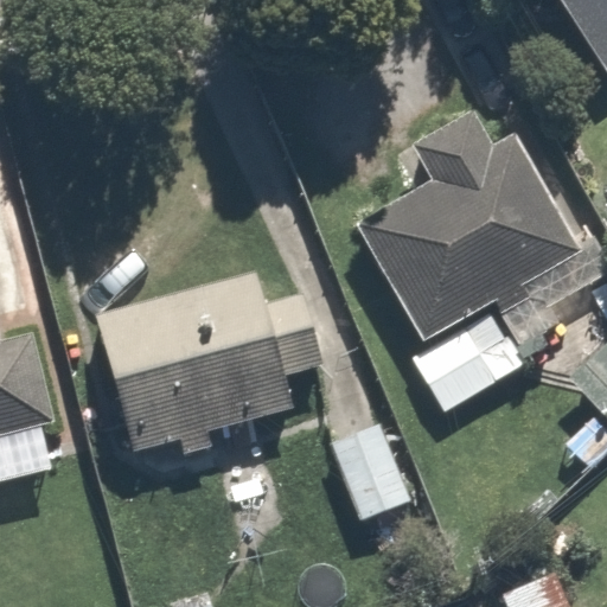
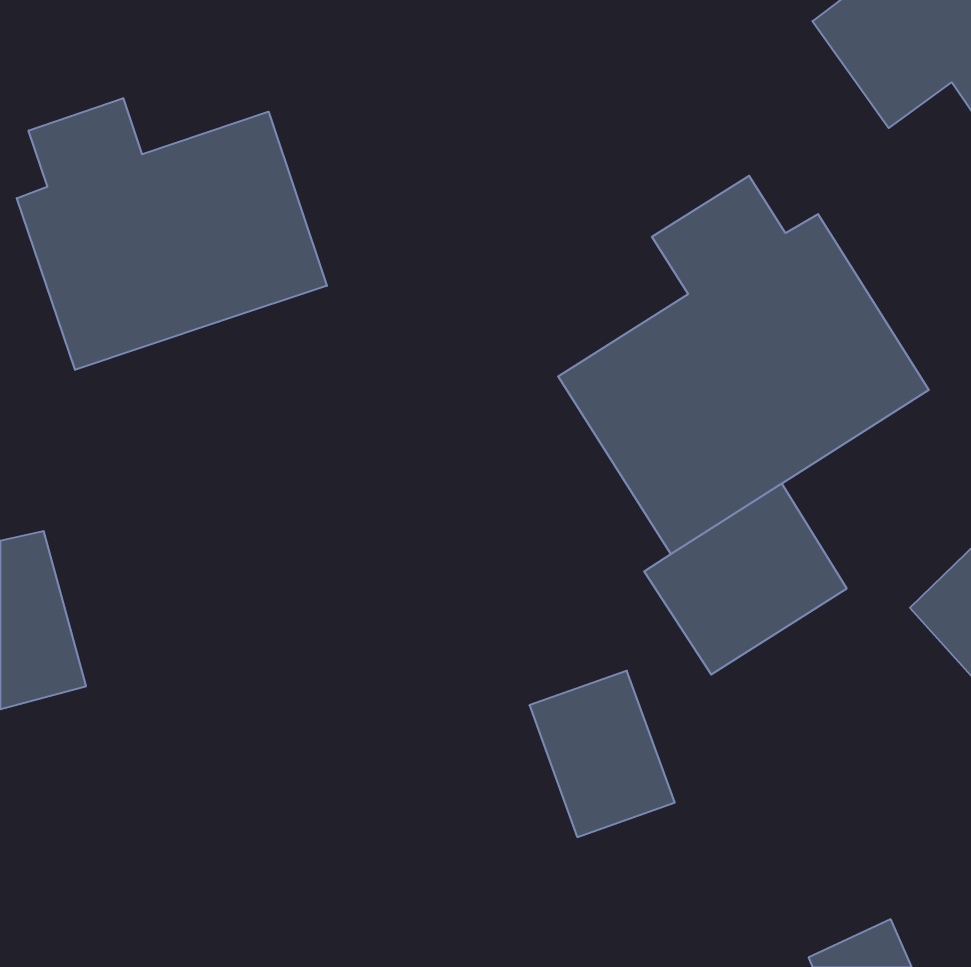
building: none -> [17,98,327,370]
building: [102,282,331,452] -> none

